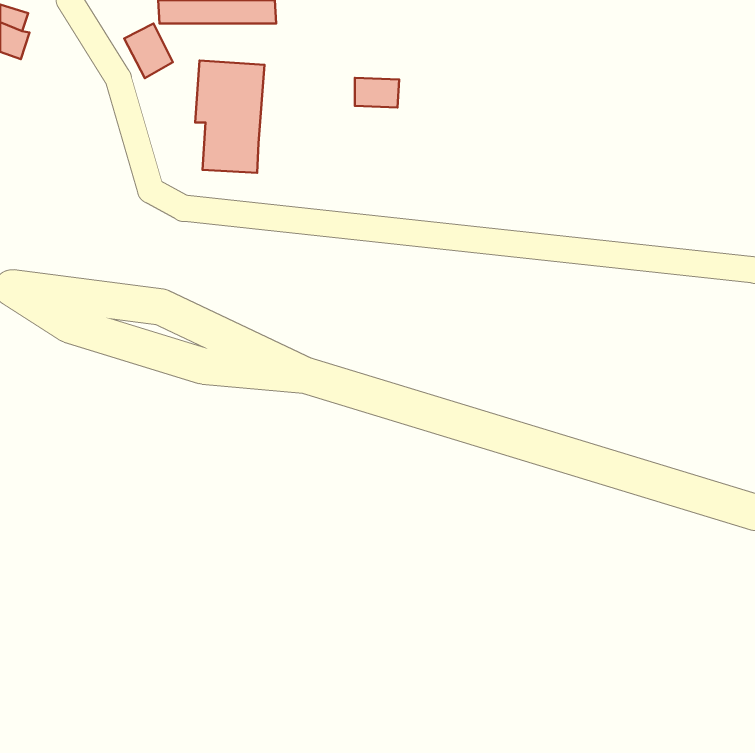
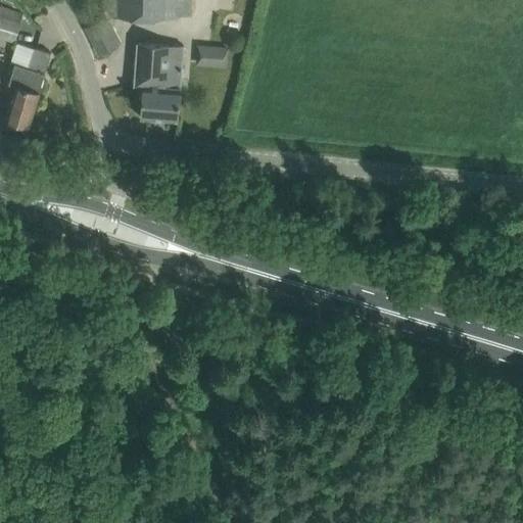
building: none -> [5,48,51,126]
building: [355,78,399,107] -> [197,46,228,66]

